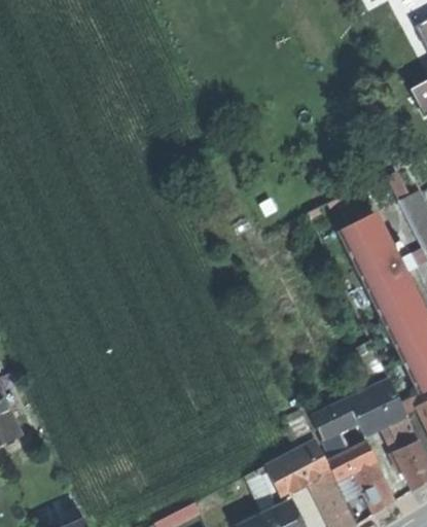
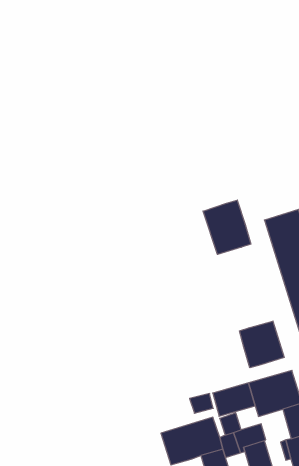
building: none -> [203,200,251,254]
building: none -> [239,321,284,368]

